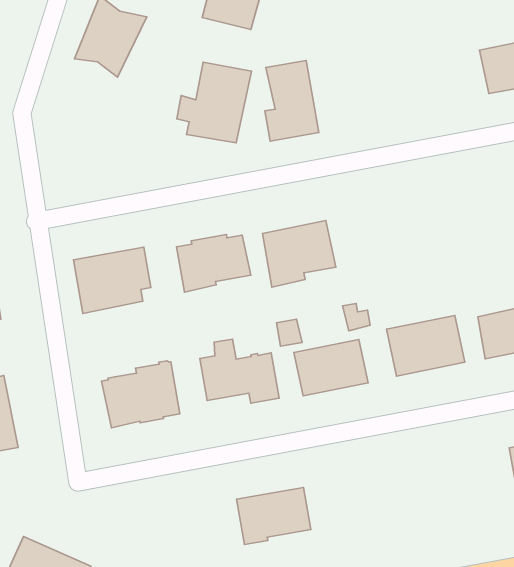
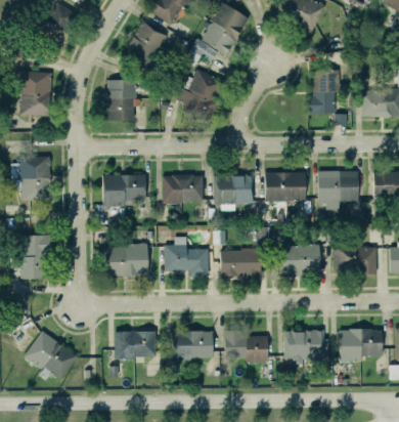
building: none -> [187,39,219,62]
building: [265,60,319,141] -> [308,70,338,114]
building: none -> [107,80,136,121]
building: none -> [316,168,356,199]
building: none -> [265,171,305,202]
building: none -> [283,329,324,364]
building: none -> [224,329,268,362]
building: none -> [115,331,157,357]

